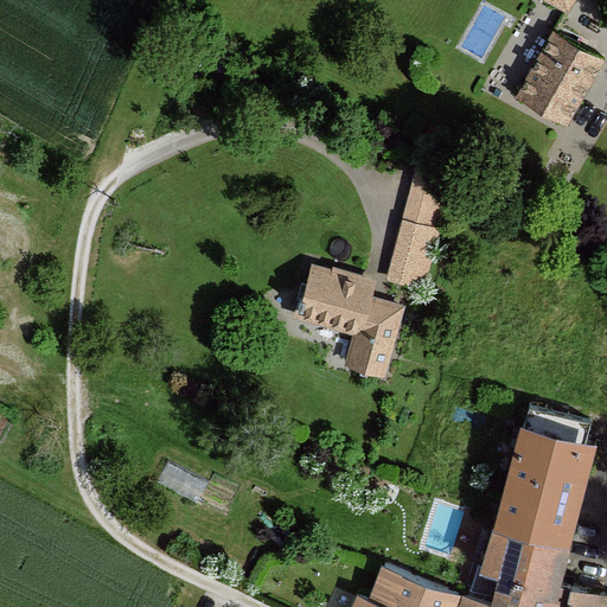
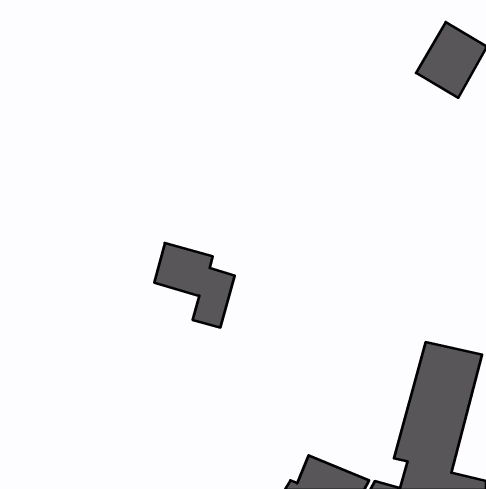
building: [385,174,446,287] -> none
building: [299,267,398,371] -> [154,243,235,327]

